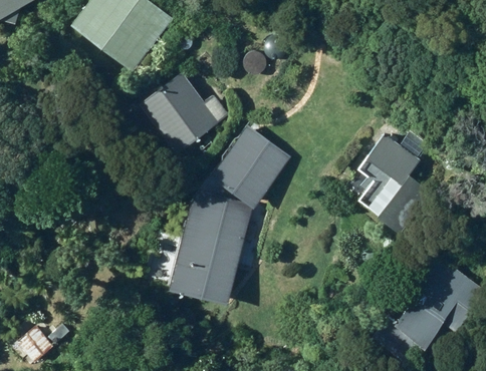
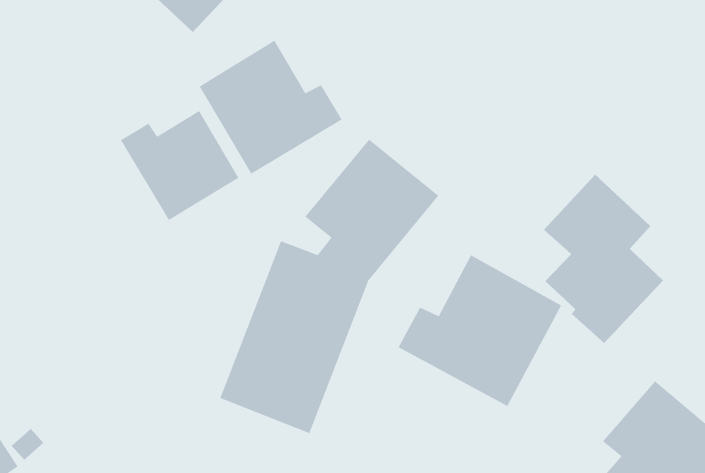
building: none -> [120,110,239,221]
building: none -> [398,255,562,407]

